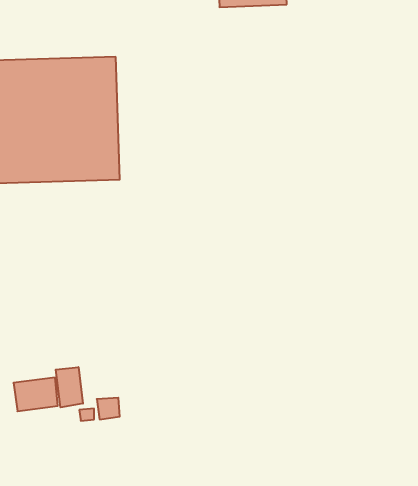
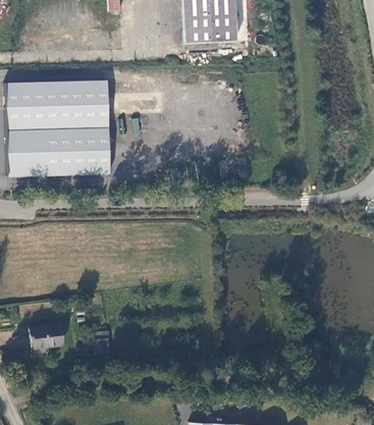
building: [56,367,83,407] -> none

